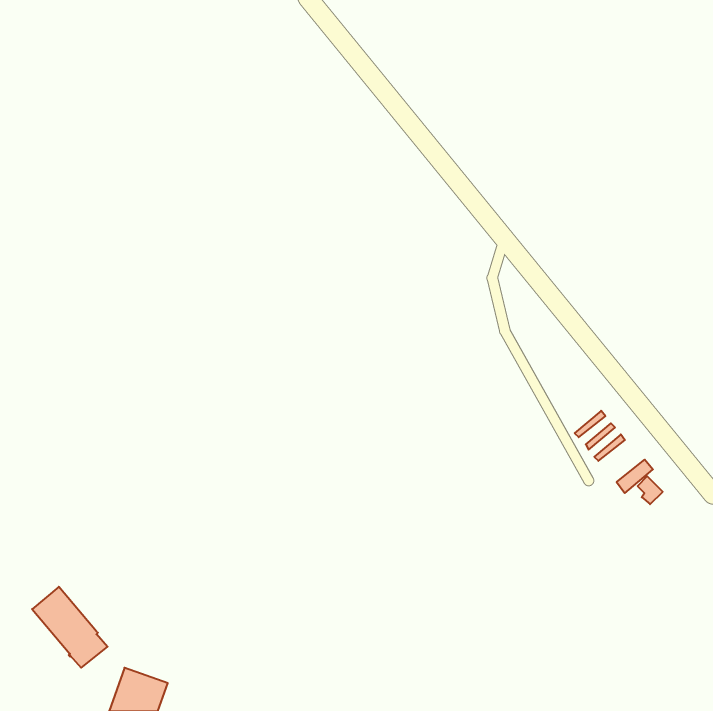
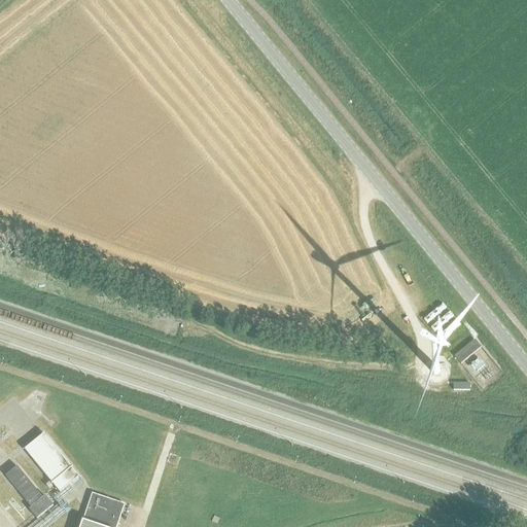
building: none -> [5,465,52,518]

